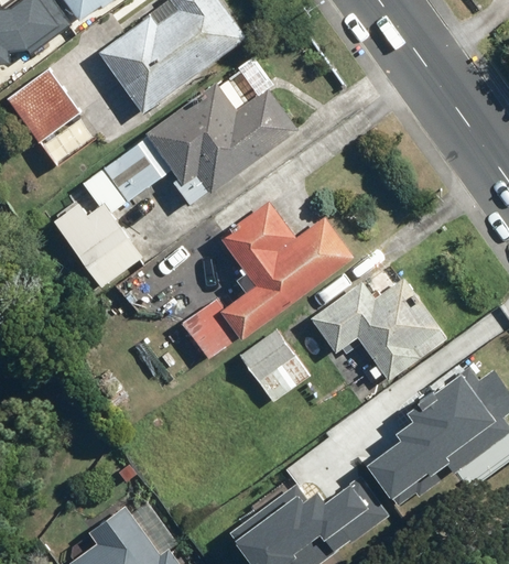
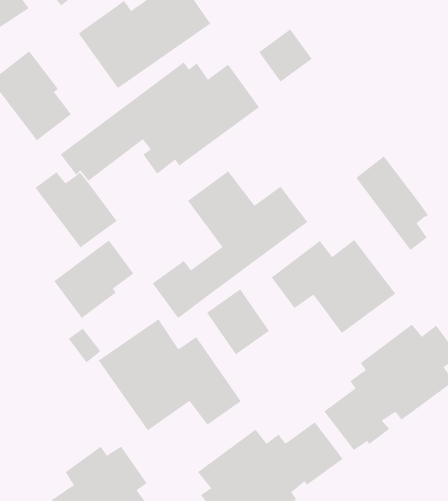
building: none -> [258,29,312,82]
building: none -> [355,155,429,251]
building: none -> [53,240,134,319]
building: none -> [98,319,241,431]

